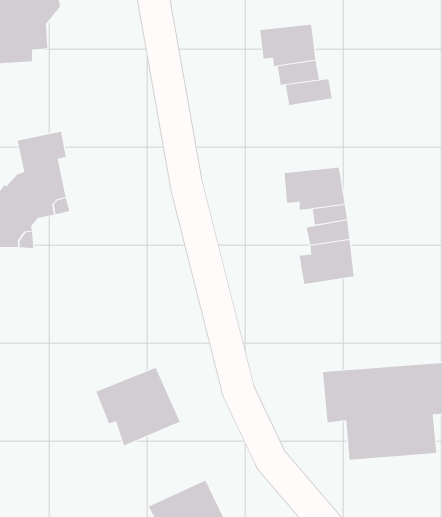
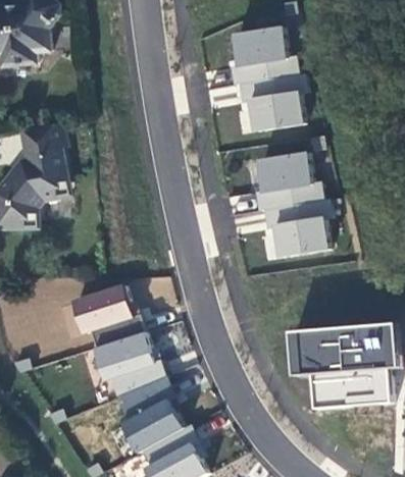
building: none -> [248,94,302,132]
building: none -> [69,279,143,351]
building: none -> [113,377,187,452]

